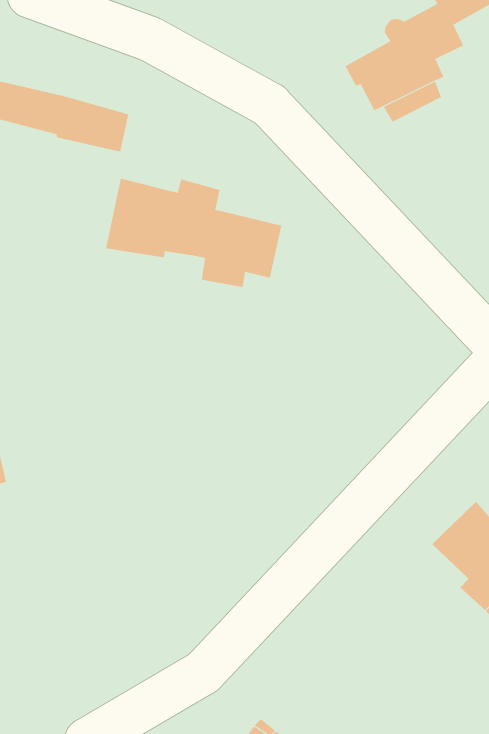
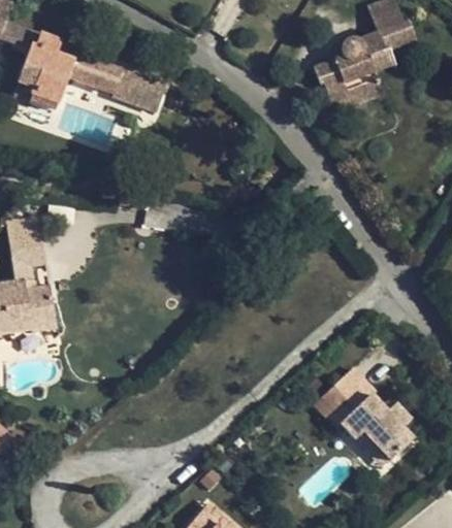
building: [106,178,282,288] -> none

